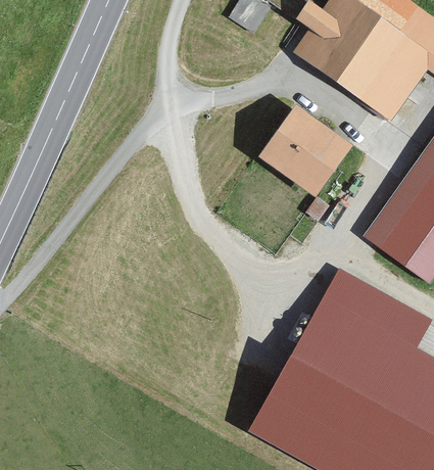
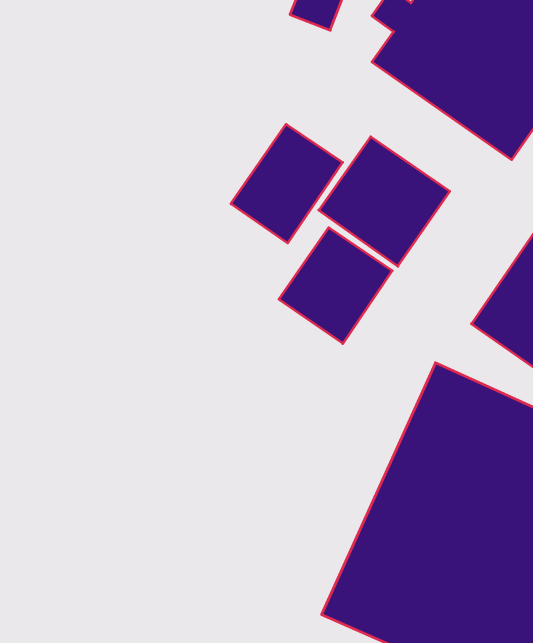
building: none -> [231,124,343,243]
building: none -> [279,228,392,344]

